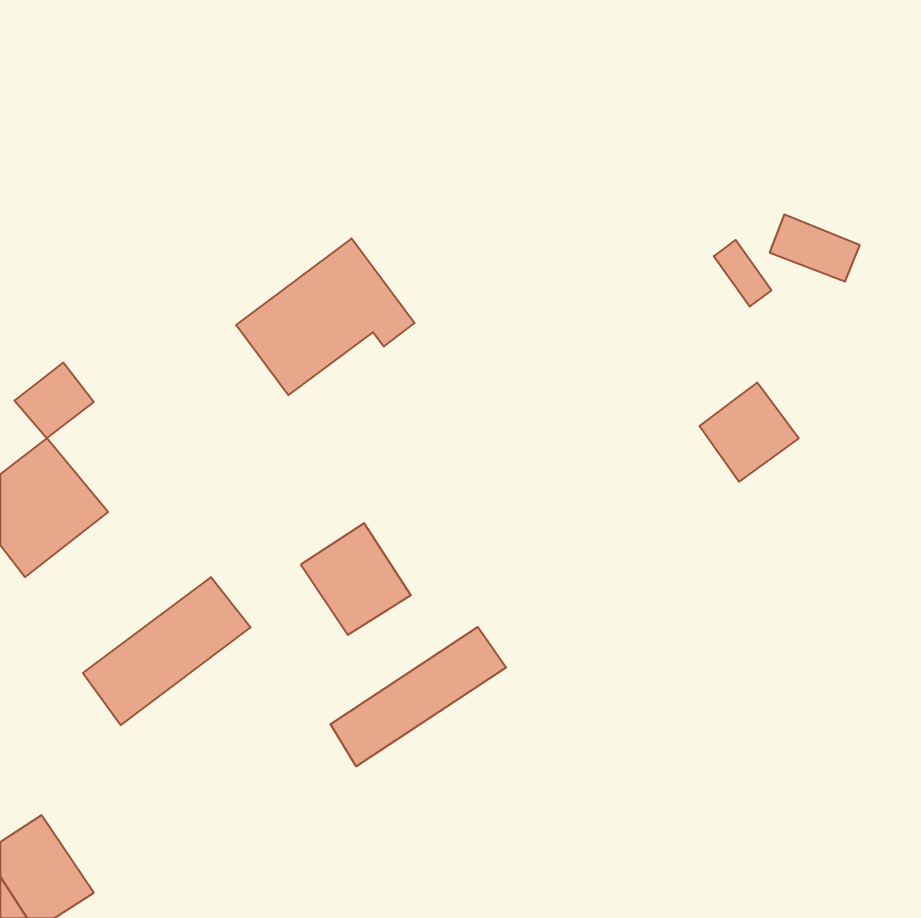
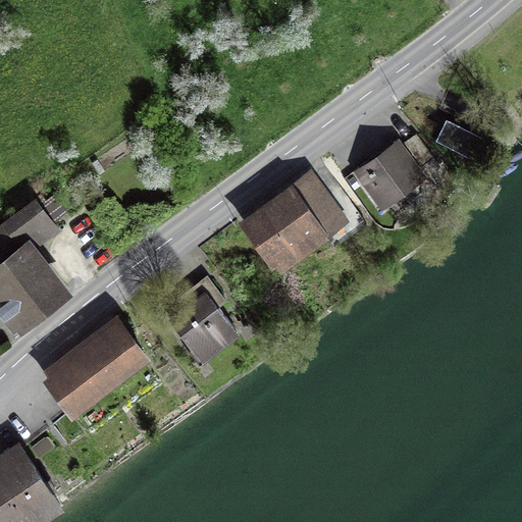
building: [236,238,415,395] -> [247,179,348,268]
building: [700,383,799,482] -> [363,147,419,203]
building: [330,627,506,766] -> none

